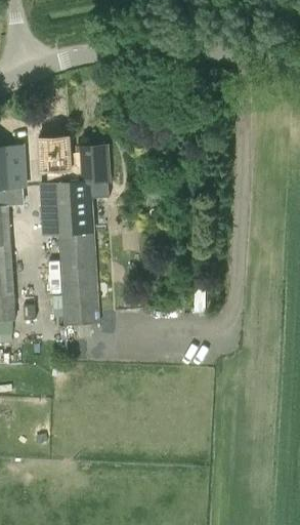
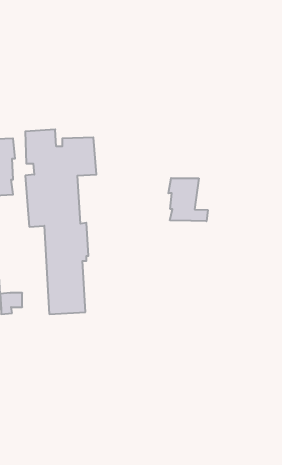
building: none -> [168,178,208,221]

